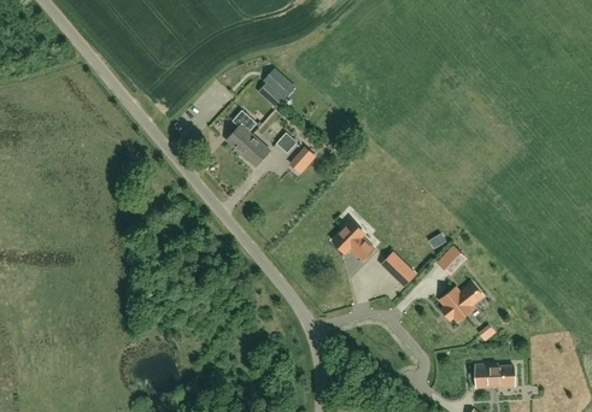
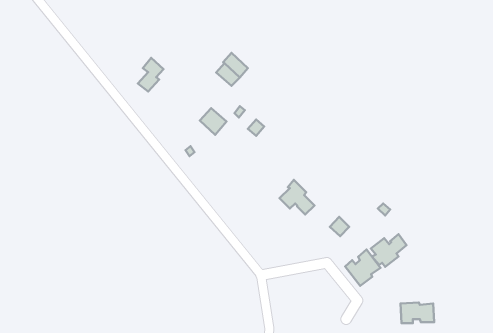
building: [225,110,256,149] -> [138,58,163,92]
building: none -> [345,249,380,286]

